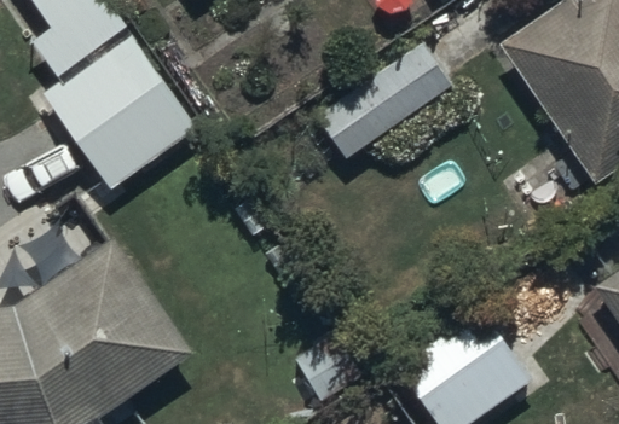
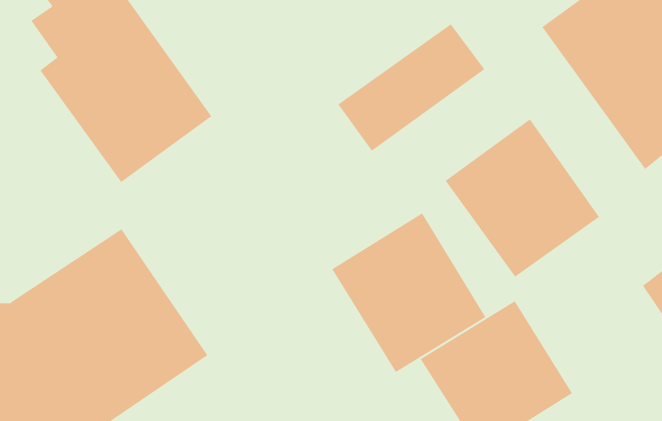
building: none -> [445,119,600,278]
building: none -> [332,212,486,373]

